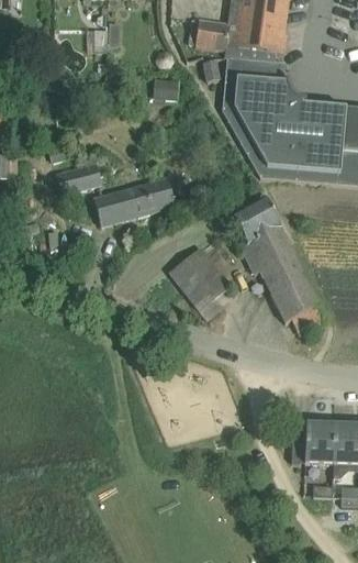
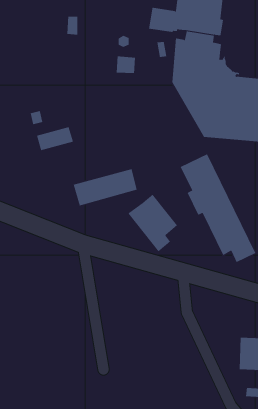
building: [94,179,174,225] -> [73,168,137,206]

